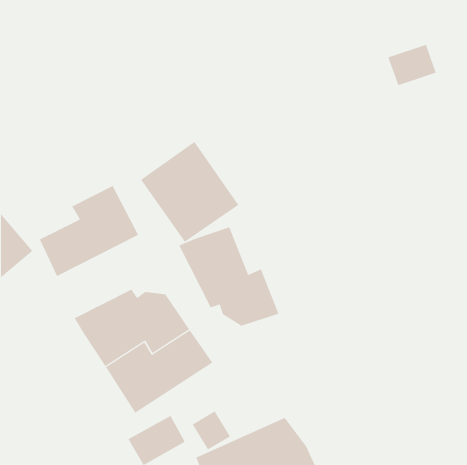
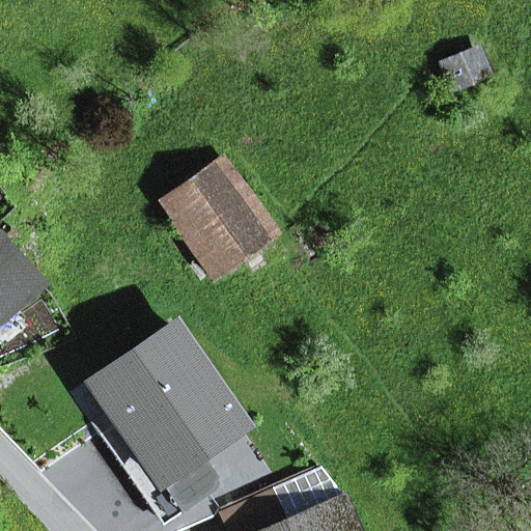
building: [39,185,139,277] -> none
building: [179,226,279,327] -> none

